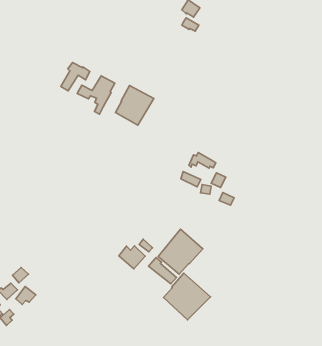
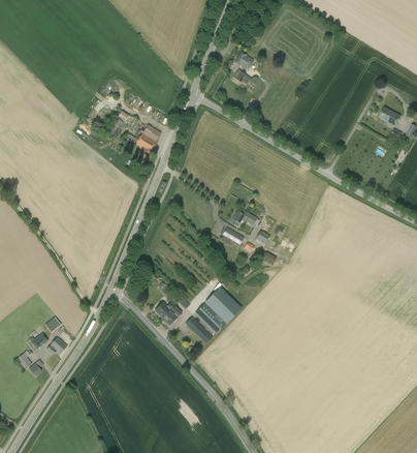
building: [116,86,154,125] -> none
building: [163,273,210,320] -> none

